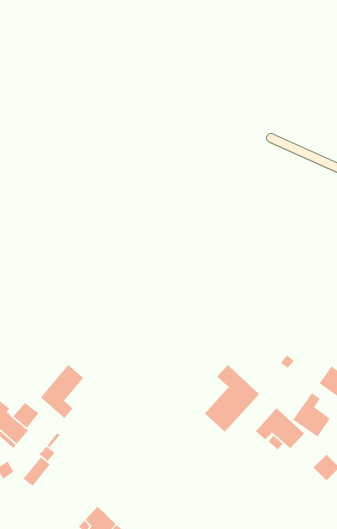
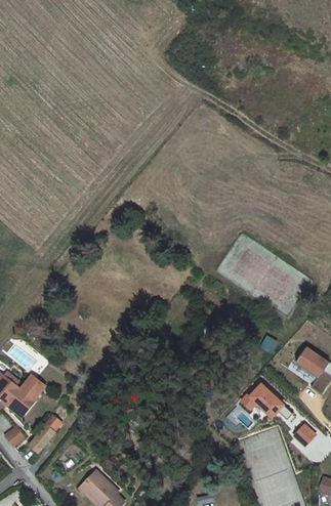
building: [40,364,84,419] -> none
building: [204,364,260,433] -> none
building: [292,392,331,437] -> none

